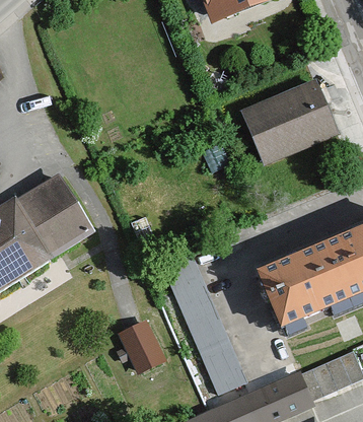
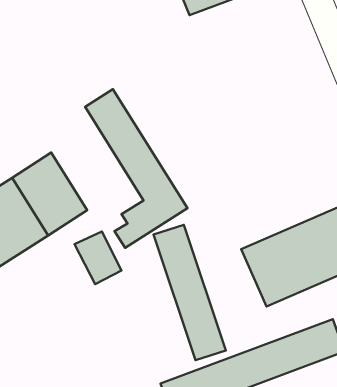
building: [241,80,335,165] -> none
building: none -> [85,89,187,248]
building: [116,312,164,367] -> [75,232,121,284]

